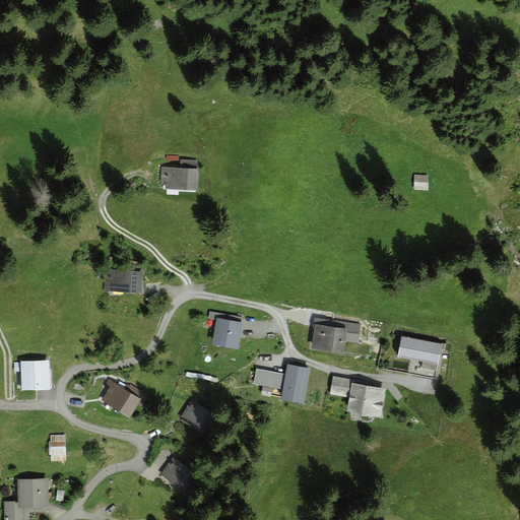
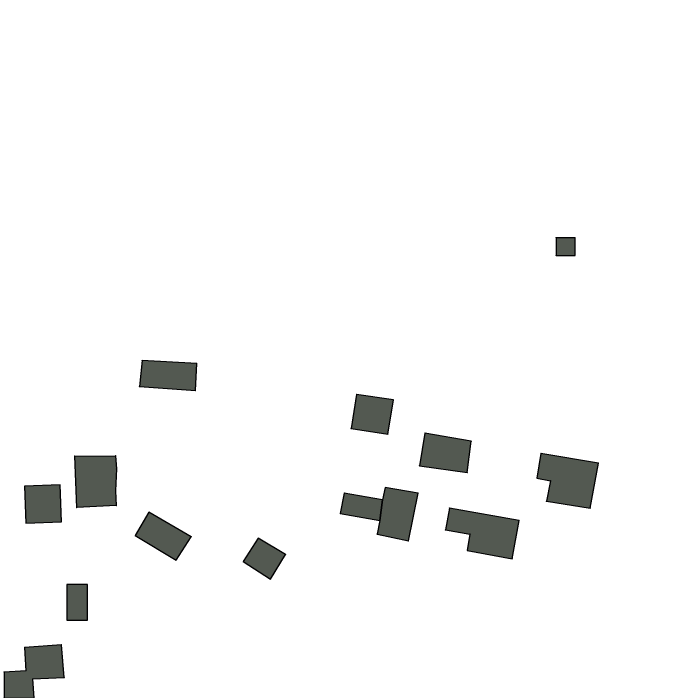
building: [161,169,198,193] -> none
building: [213,317,245,346] -> [351,394,393,434]
building: none -> [75,456,116,508]
building: [160,458,190,488] -> none

